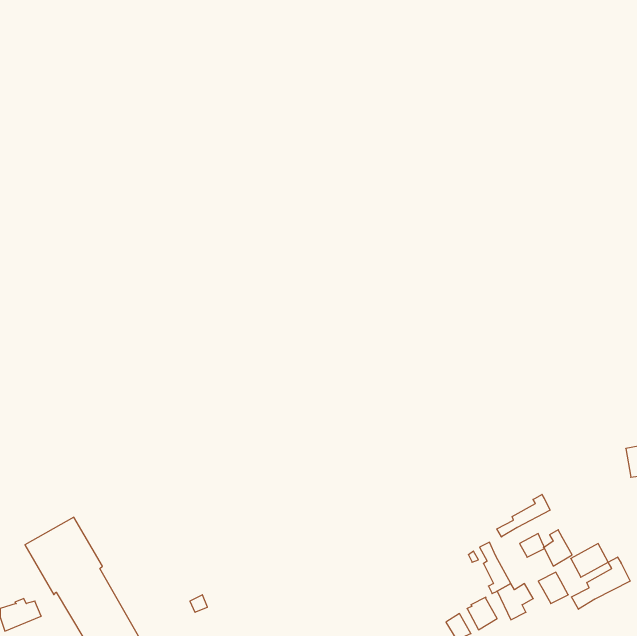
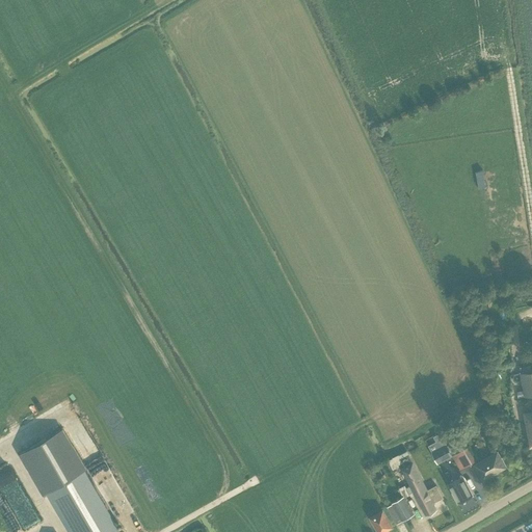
building: [497,494,550,537] -> none
building: [571,557,630,609] -> none

